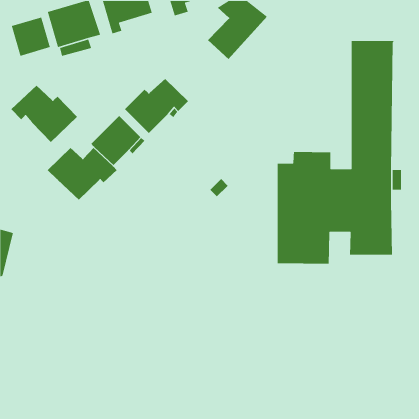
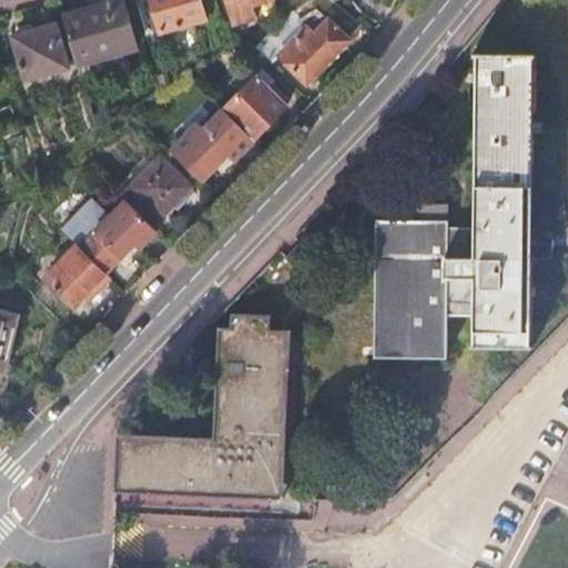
building: none -> [223,74,286,138]
building: [11,85,78,143] -> none
building: none -> [45,244,111,305]
building: none -> [114,315,290,500]

